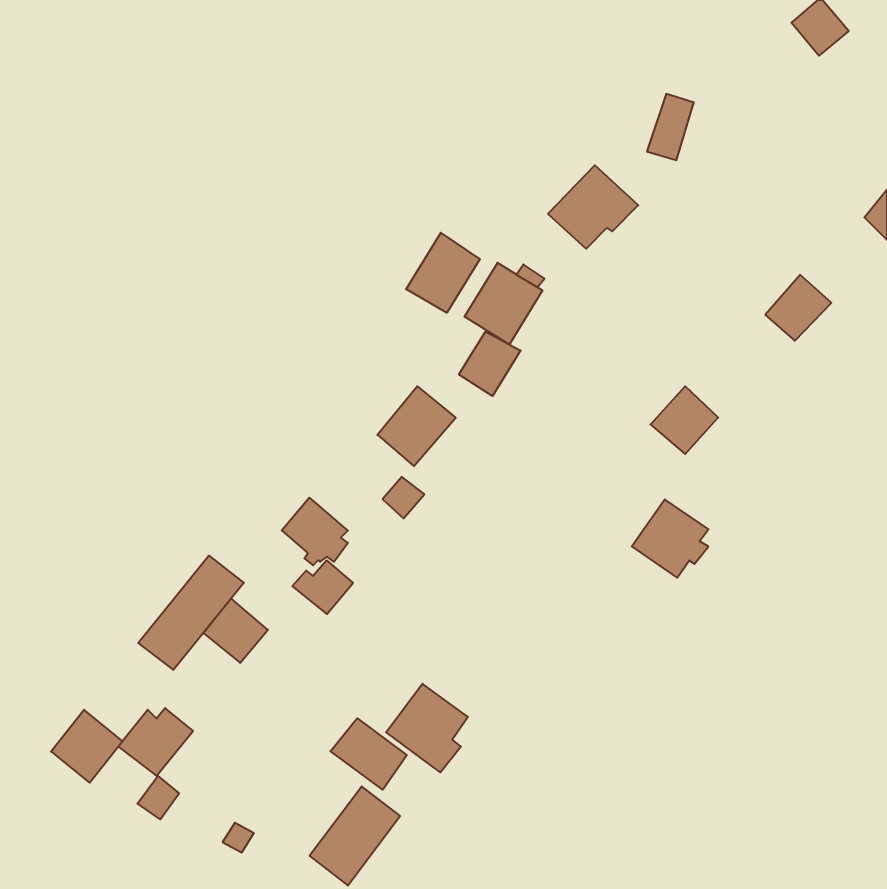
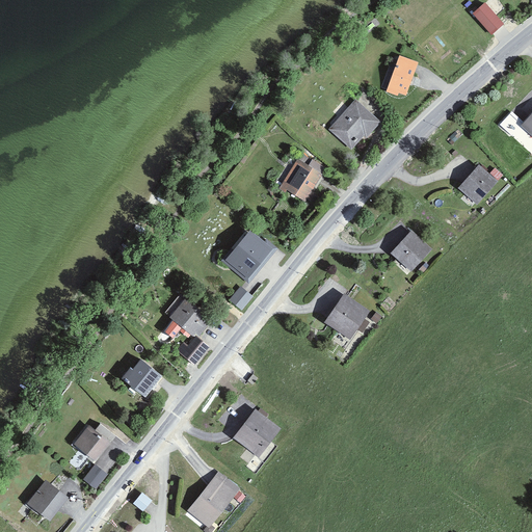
building: [406,233,480,313] -> none
building: [459,332,521,396] -> none
building: [632,499,708,578] -> [323,294,369,341]
building: [138,556,244,670] -> none
building: [51,710,122,783] -> [25,479,68,523]
building: [330,718,407,790] -> none

